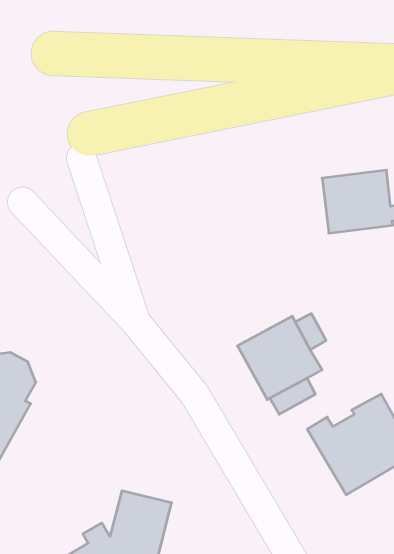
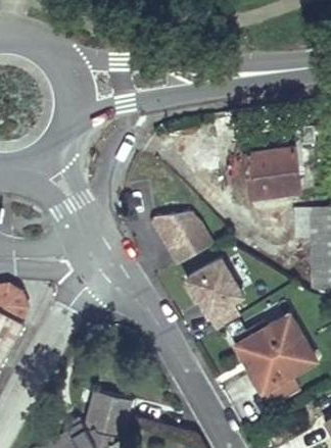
building: none -> [149,213,215,267]

